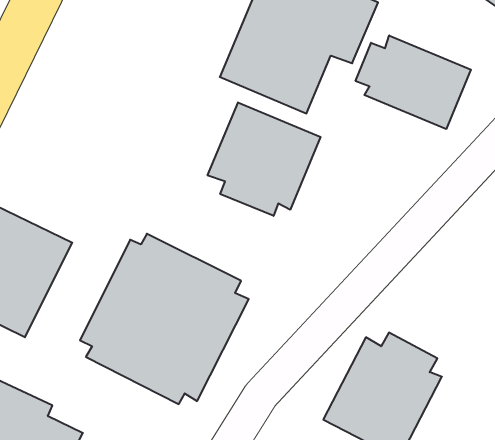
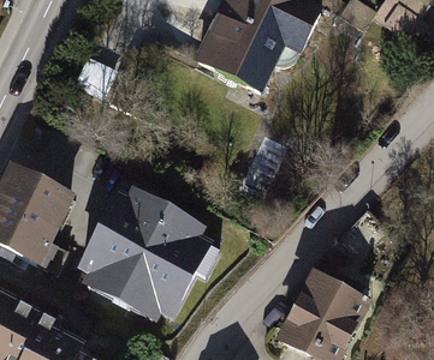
building: [356,35,471,129] -> none
building: [208,102,321,216] -> none

